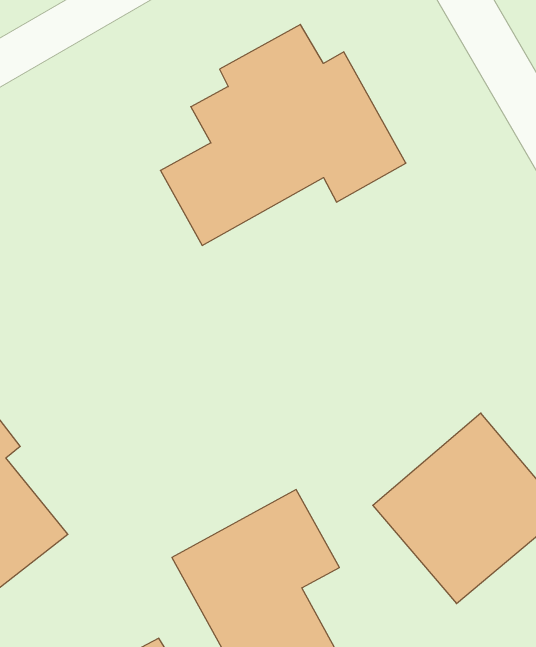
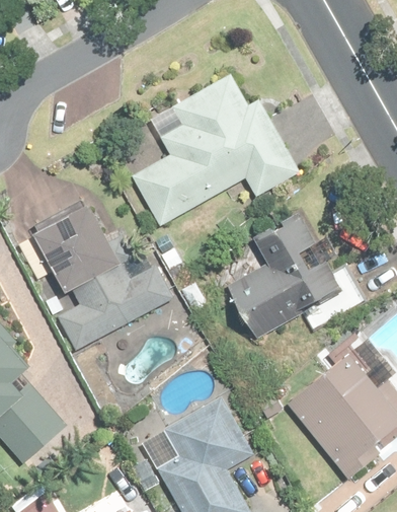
building: none -> [29,194,177,359]
building: none -> [225,209,351,342]

